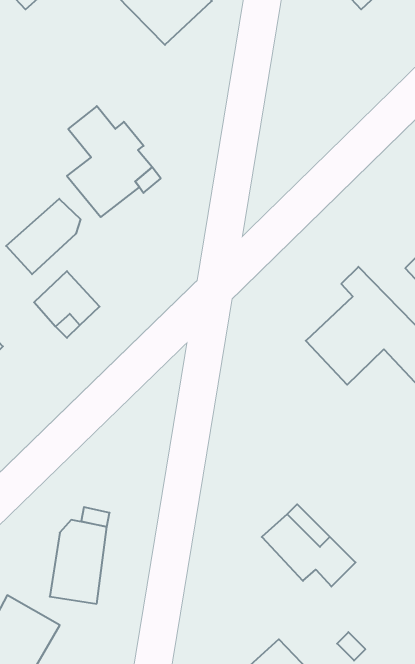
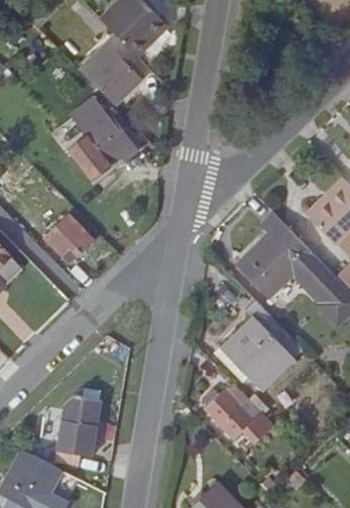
building: none -> [81,47,143,109]
building: [6,199,80,274] -> none
building: none -> [225,303,299,392]

